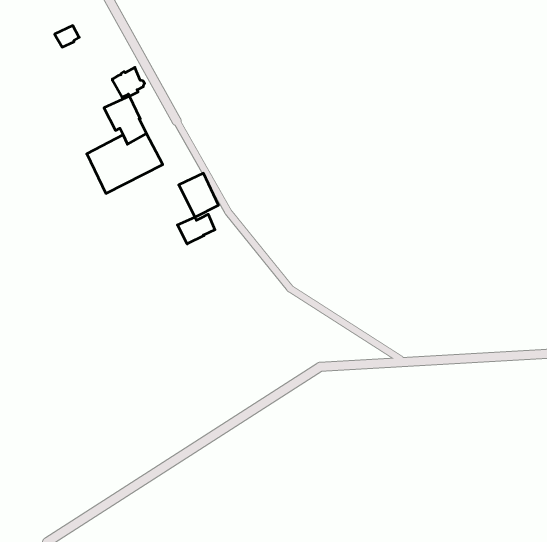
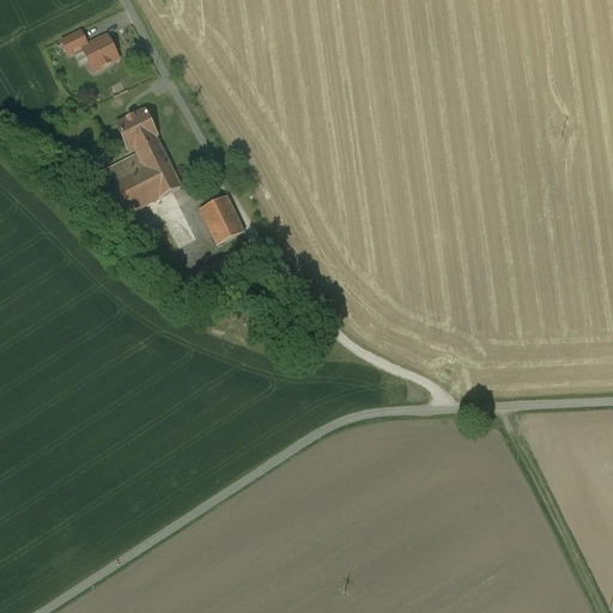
building: [112,67,145,97] -> [83,32,119,66]
building: [177,214,215,244] -> none

